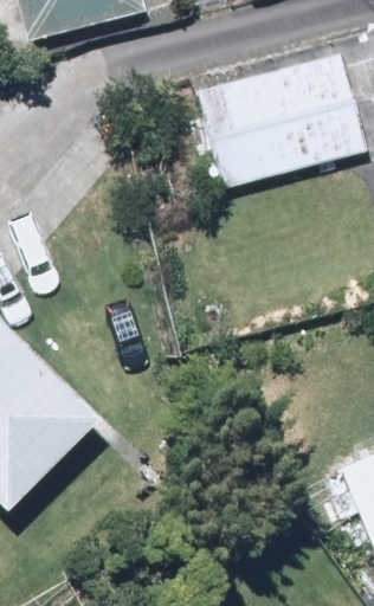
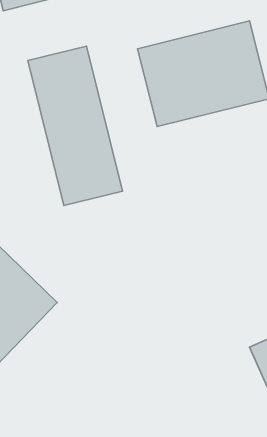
building: none -> [28,46,123,206]

